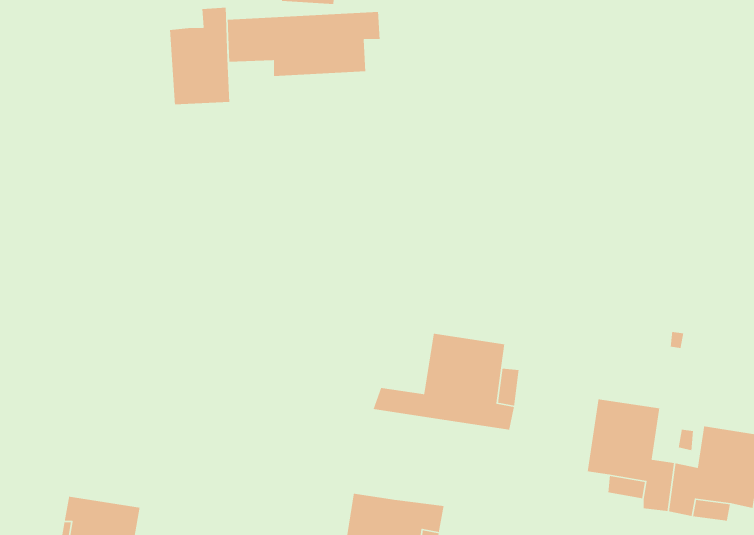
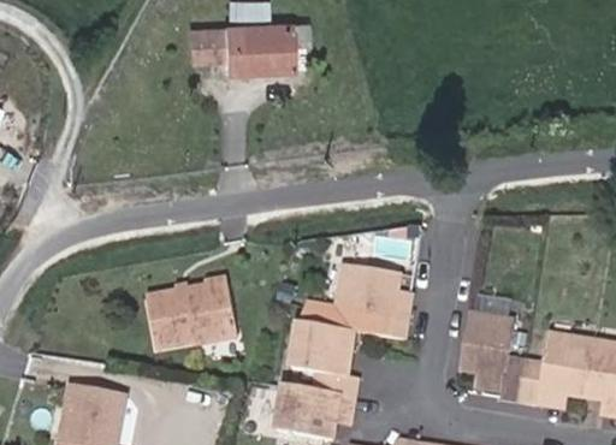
building: [169,7,230,105] -> none
building: none -> [146,280,237,346]
building: none -> [291,321,355,393]

